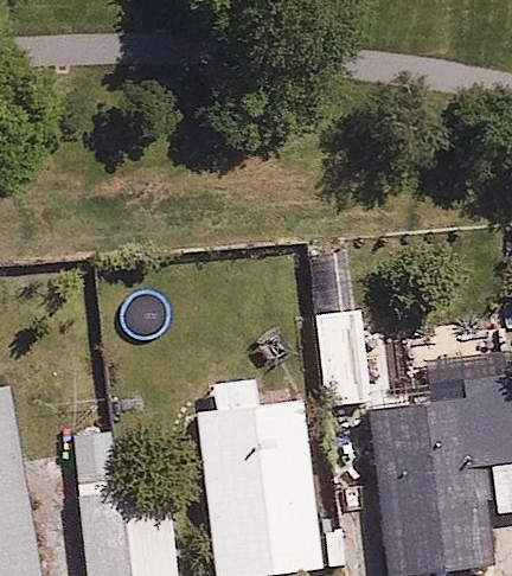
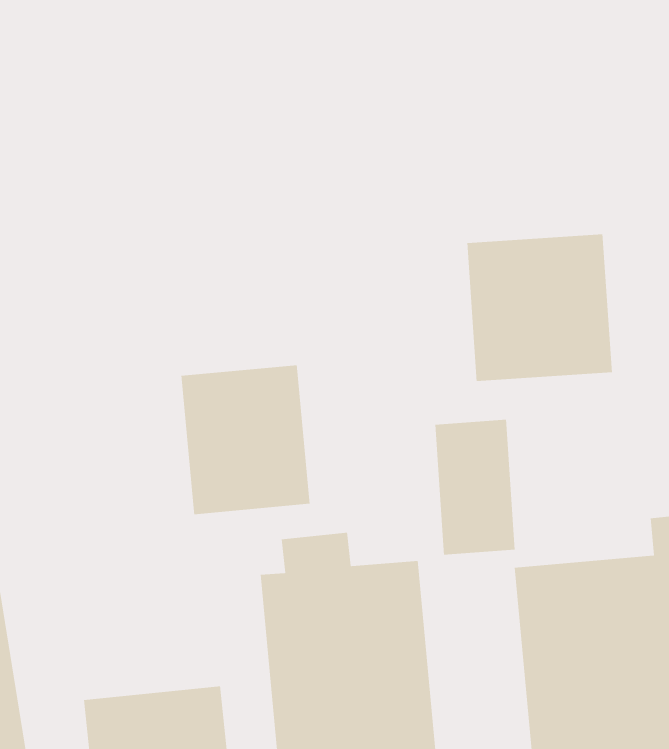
building: none -> [467,233,612,382]
building: none -> [181,365,310,515]

